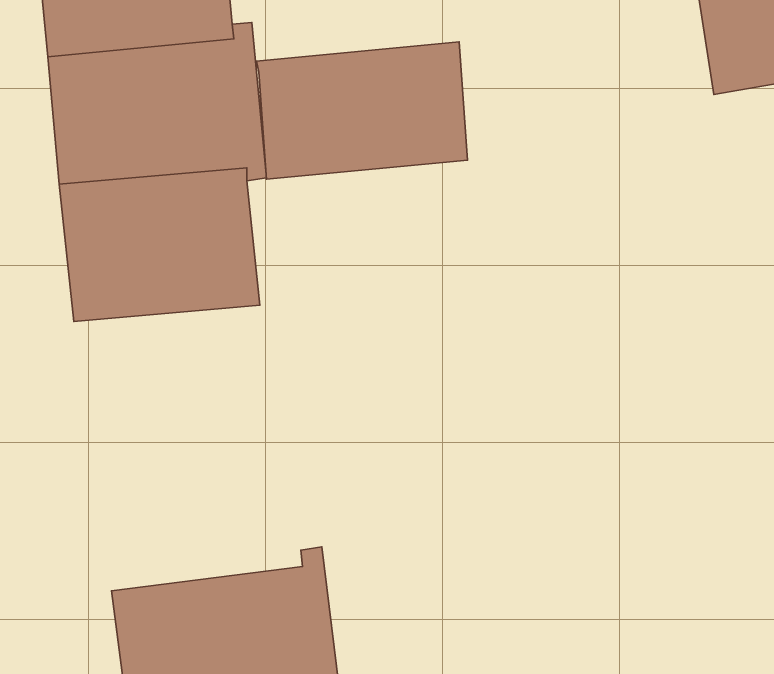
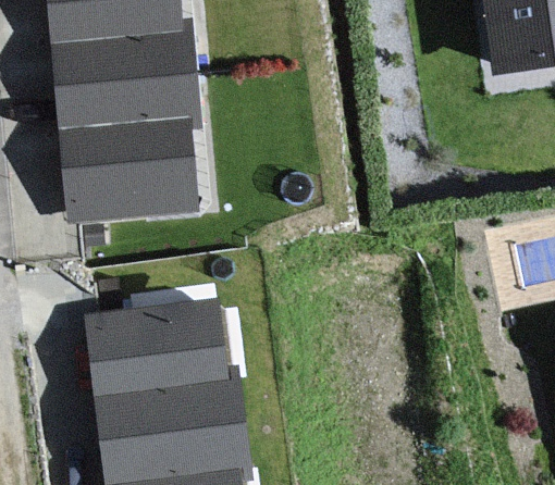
building: [257,42,467,179] -> none
building: none -> [86,301,224,397]

